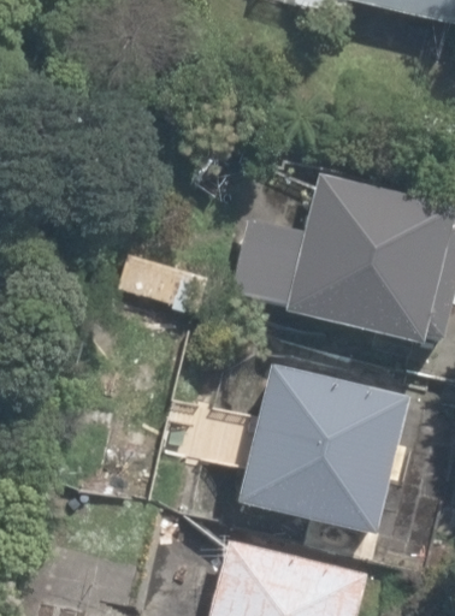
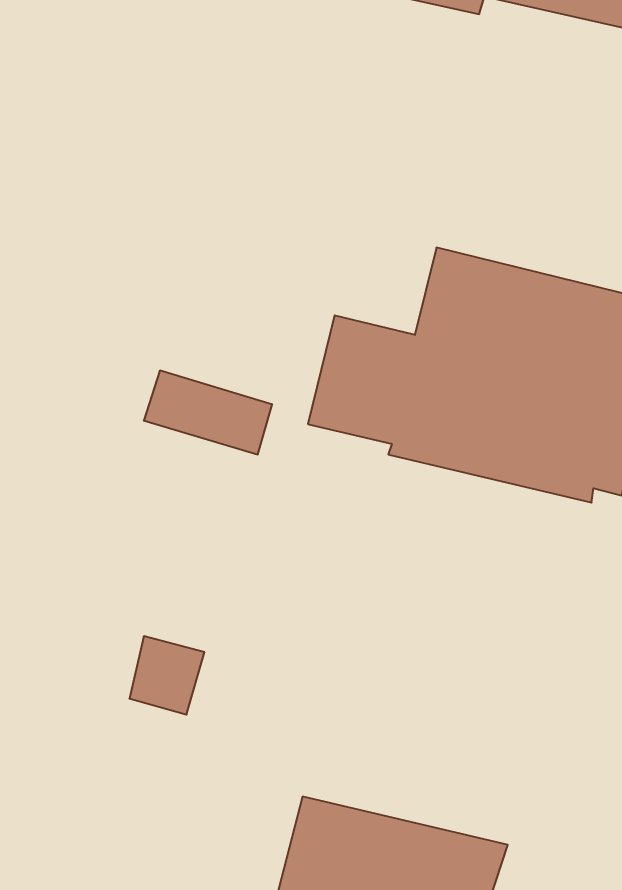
building: [241,367,408,533] -> none

